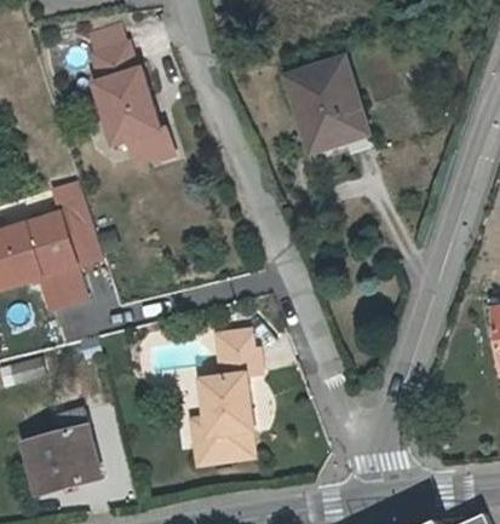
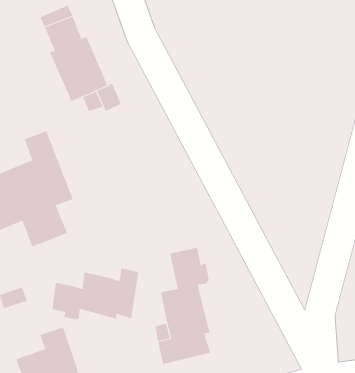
building: [285,62,367,156] -> none
building: none -> [52,267,139,320]

